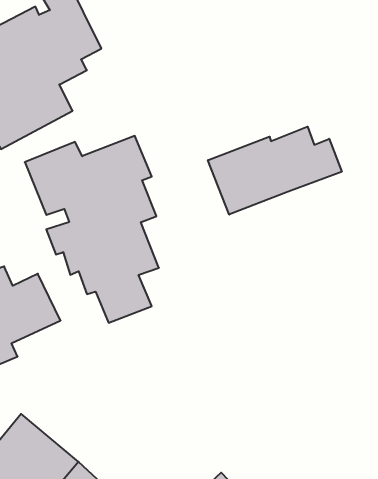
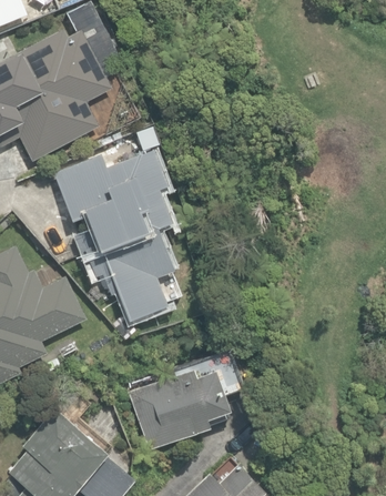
building: [208,127,342,215] -> none
building: none -> [125,347,241,448]

